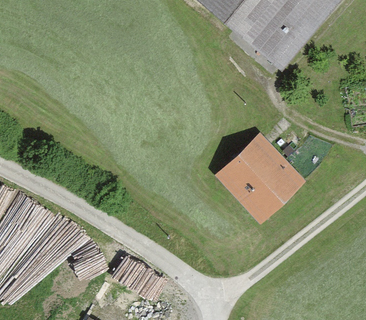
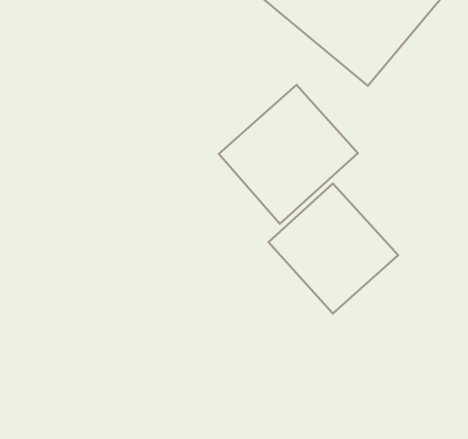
building: none -> [219,85,358,224]

